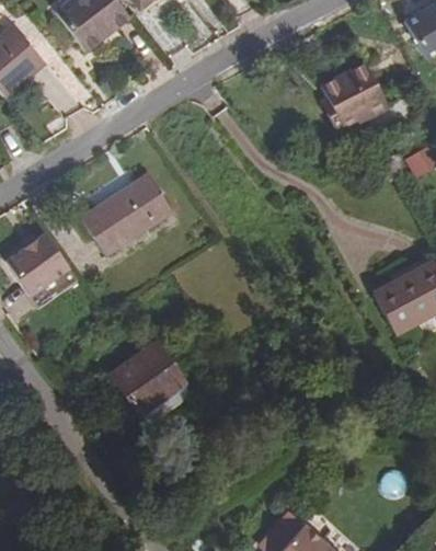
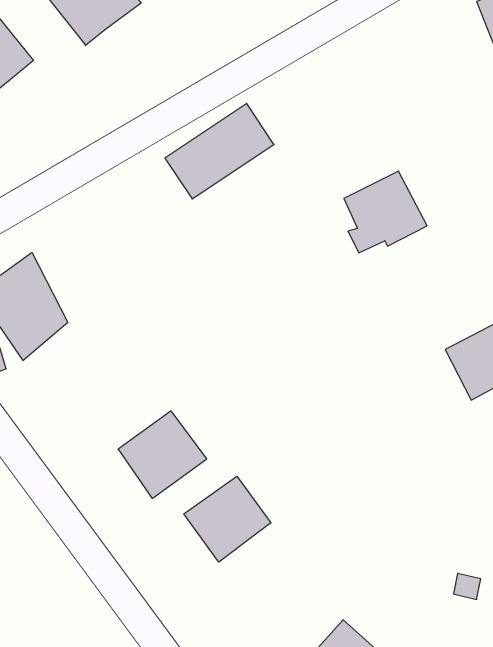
building: [321,65,388,130] -> [344,171,427,253]
building: [82,175,170,252] -> [165,103,274,199]
building: none -> [184,476,271,562]

